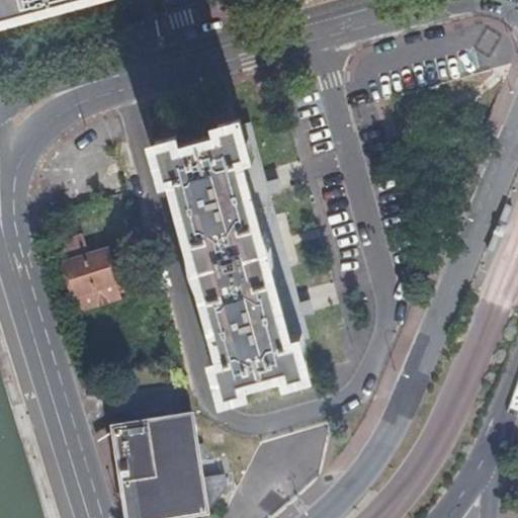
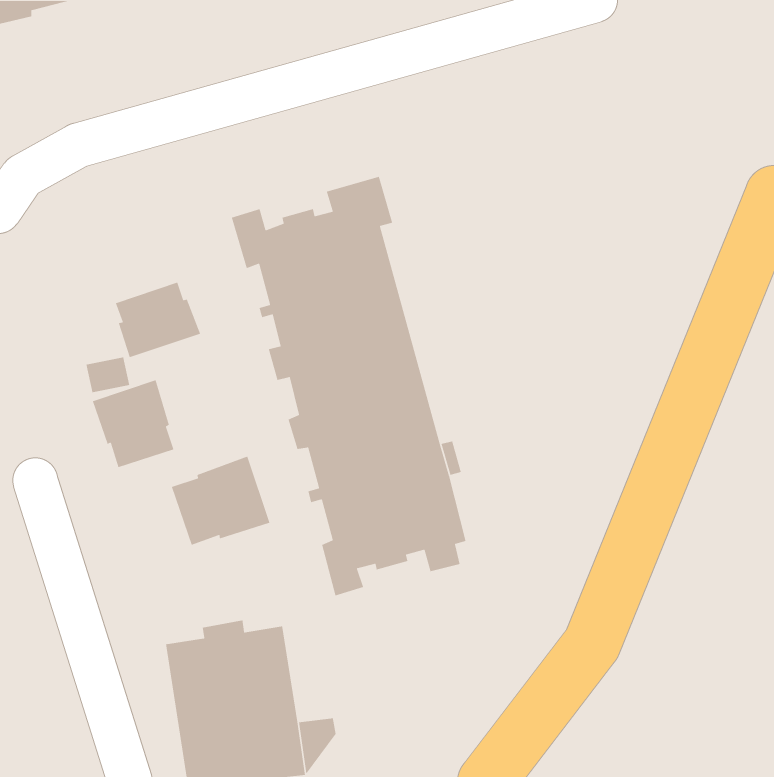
building: none -> [115,282,201,358]
building: none -> [171,456,270,546]

